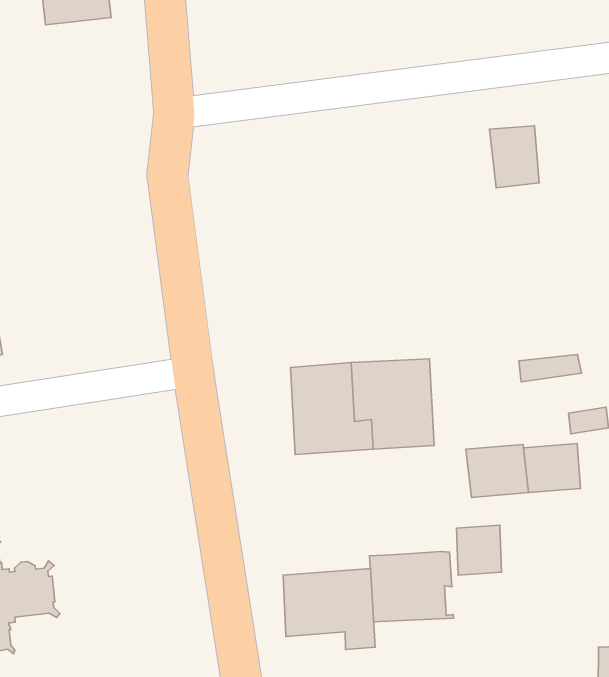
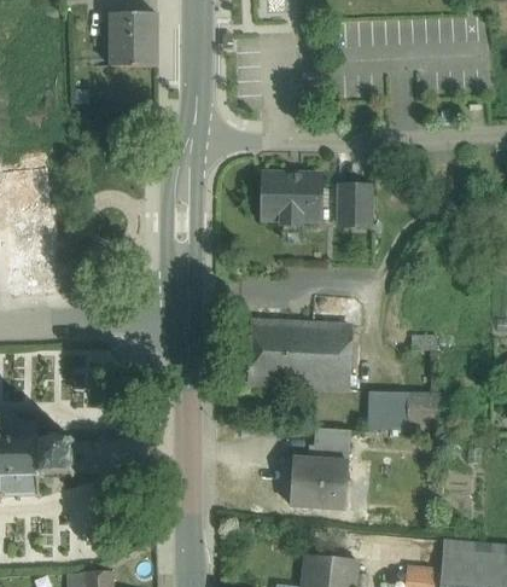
building: [490,126,539,188] -> [339,184,371,225]
building: none -> [262,174,321,223]
building: [456,525,502,575] -> [313,426,345,460]
building: [283,569,375,649] -> none

